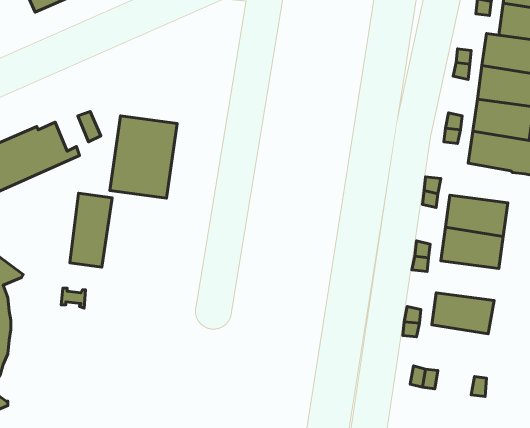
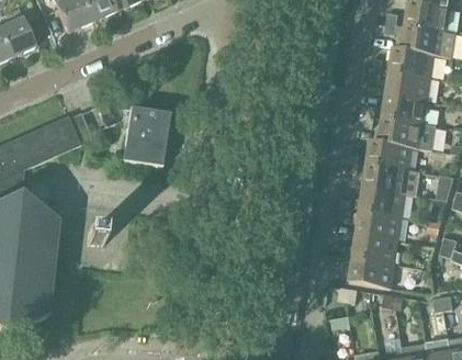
building: none -> [365,140,410,170]
building: [70,193,112,267] -> none
building: none -> [356,212,401,240]
building: none -> [348,258,393,289]

